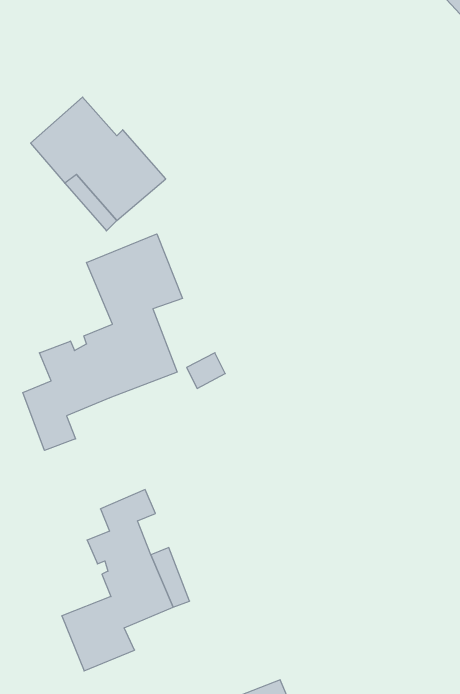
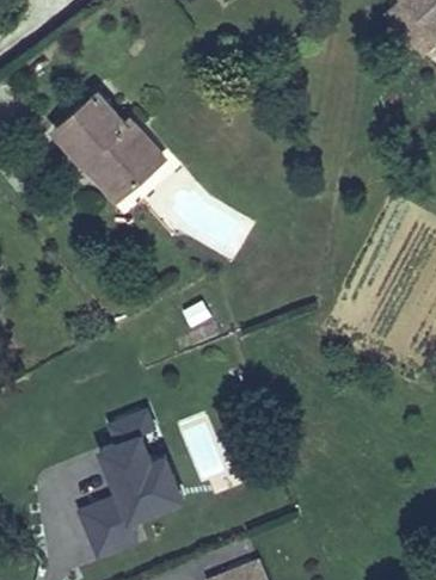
building: [23,234,183,450] -> none

